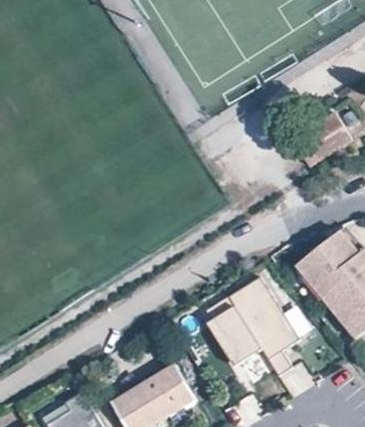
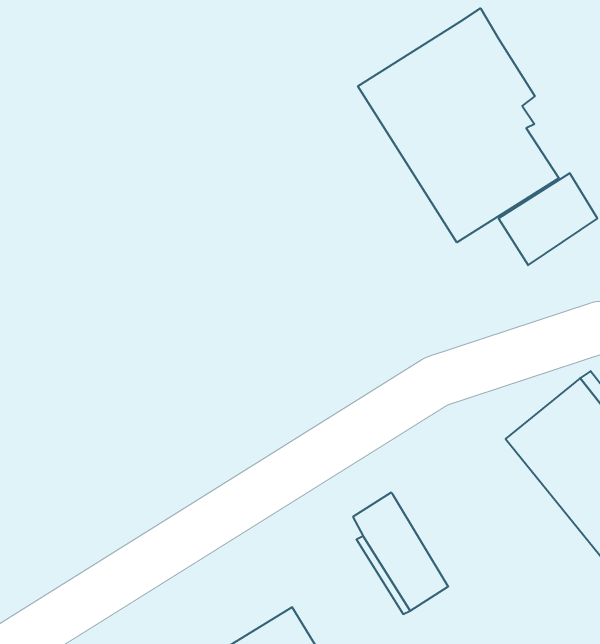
building: none -> [358,8,559,242]
building: [230,279,301,379] -> none

